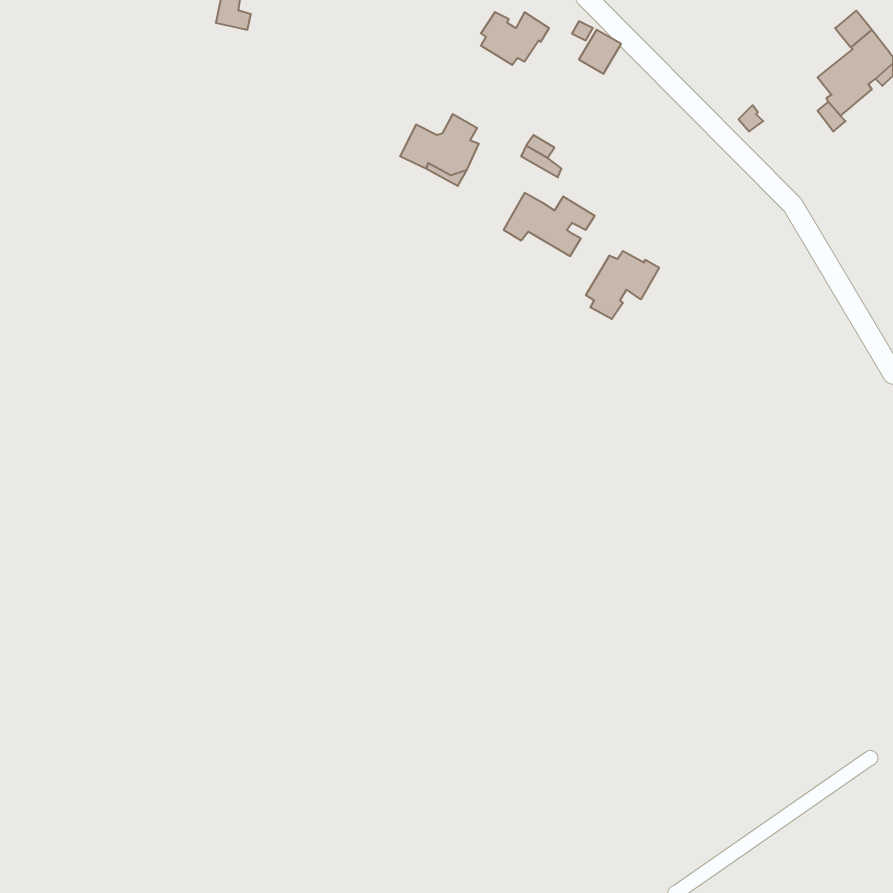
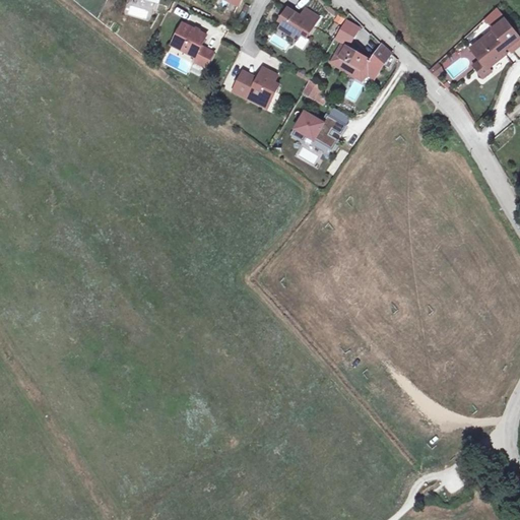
building: none -> [172,22,212,66]
building: none -> [330,43,390,79]
building: [586,251,659,319] -> none

